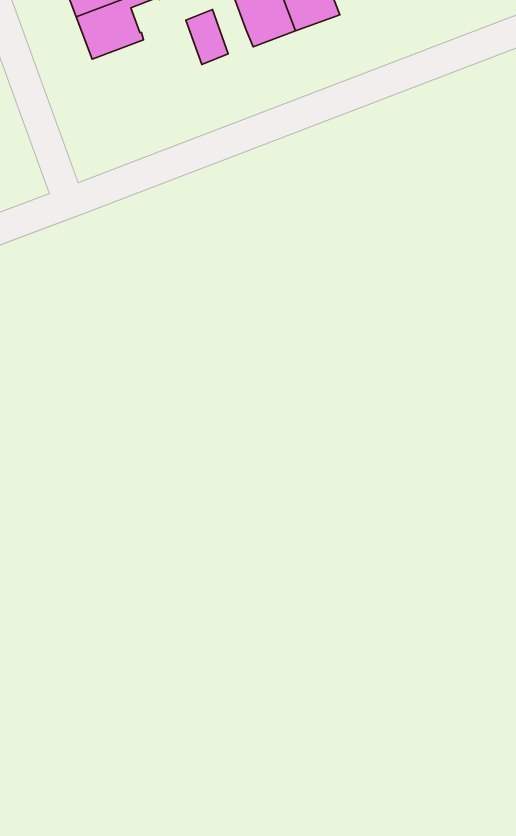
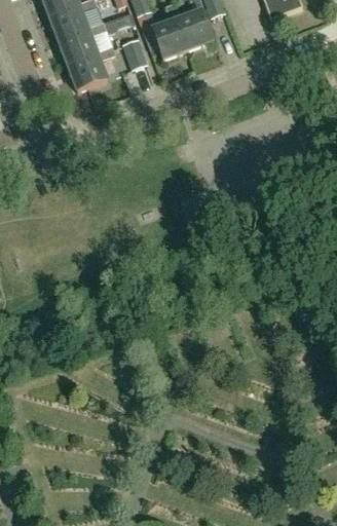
building: none -> [68,44,115,90]

